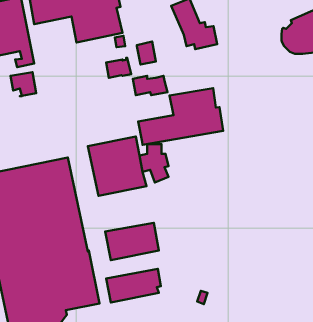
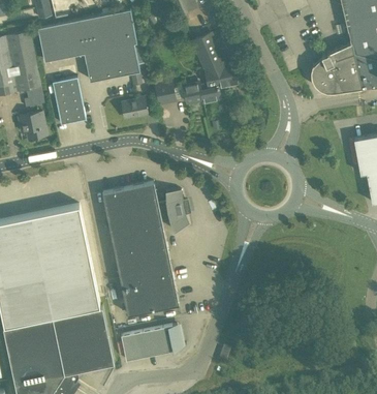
building: none -> [52,78,85,124]
building: [133,76,167,95] -> [183,83,220,103]
building: [138,88,223,145] -> none
building: none -> [113,236,172,284]

